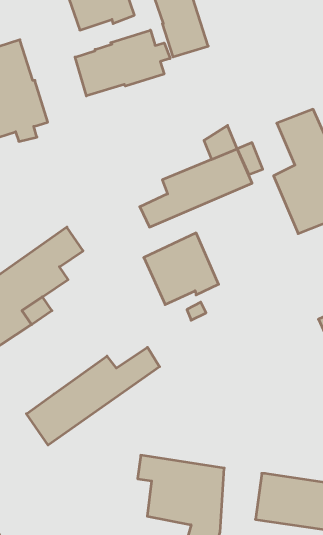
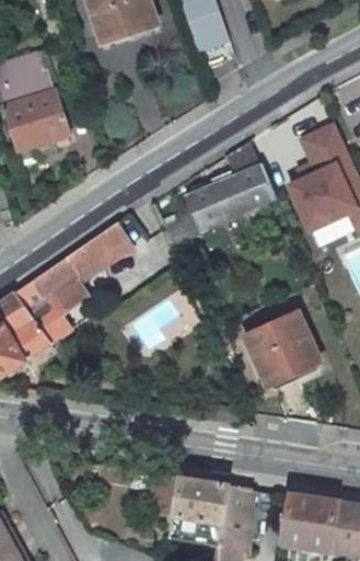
building: [75,30,170,96] -> none
building: none -> [88,225,131,267]
building: [144,233,219,305] -> [244,310,321,383]
building: [26,347,160,445] -> none

